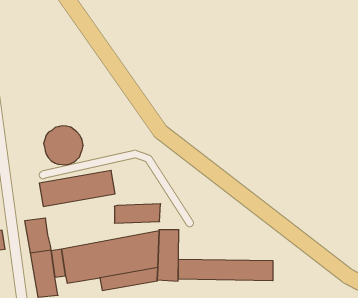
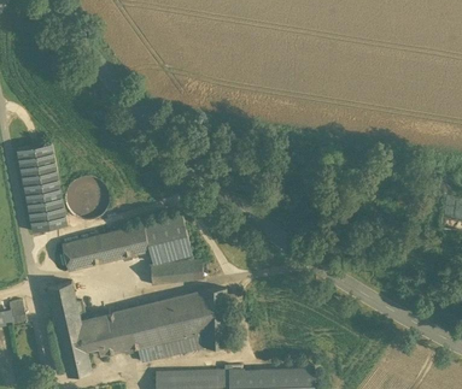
building: none -> [17,141,66,230]
building: none -> [144,213,193,263]
building: [178,259,273,281] -> none

